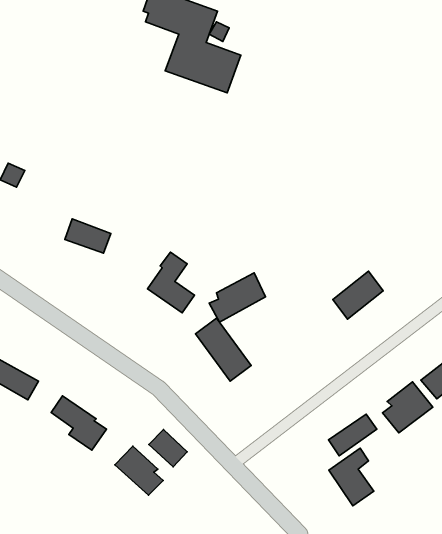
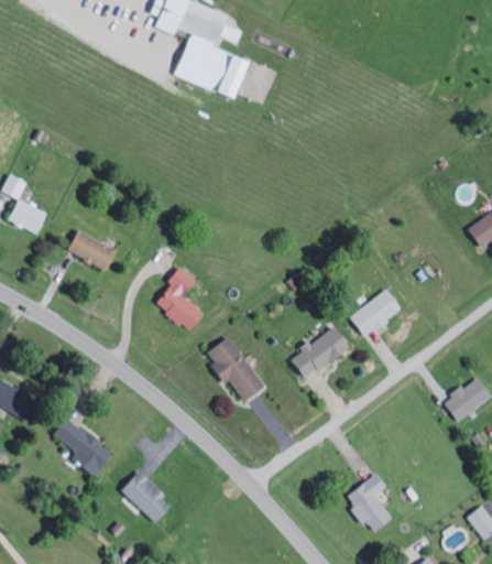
building: none -> [8,198,46,234]
building: [209,273,266,322] -> [292,325,351,377]
building: [382,382,433,433] -> none
building: [328,414,377,456] -> none
building: [149,430,187,467] -> none

